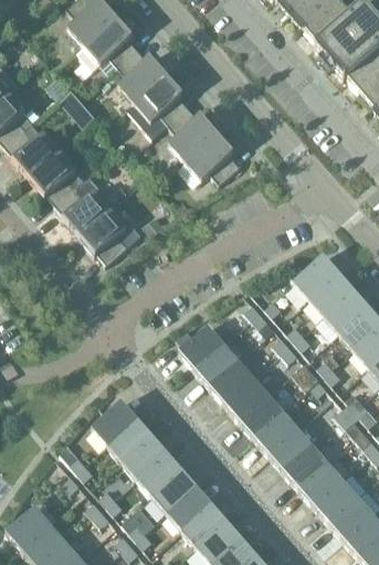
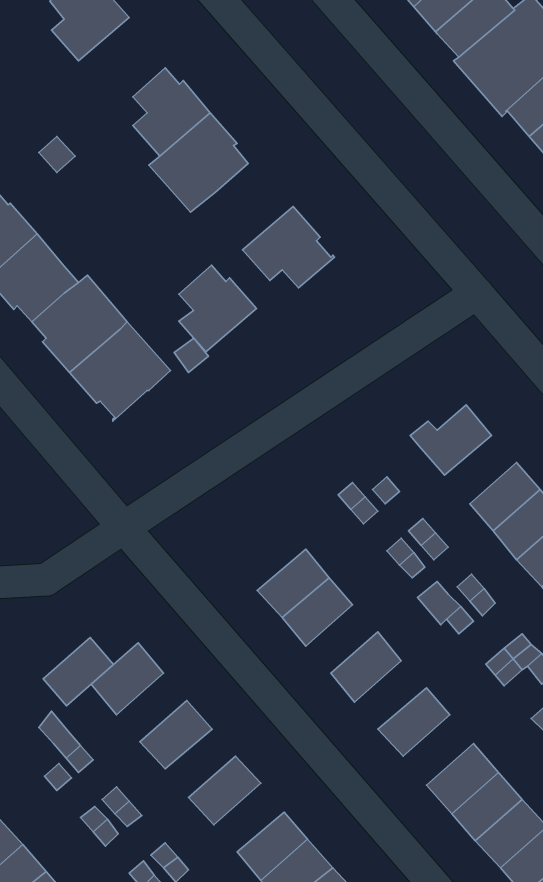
building: [78,18,138,70] -> none
building: [169,107,217,160] -> [179,265,256,352]
building: [309,274,354,316] -> none
building: [179,326,224,369] -> none
building: [224,377,269,419] -> none
building: [254,412,298,454] -> none
building: [108,419,151,461] -> [43,637,113,706]
building: [284,445,327,488] -> none
building: [138,454,181,495] -> none
building: [168,487,211,529] -> none

